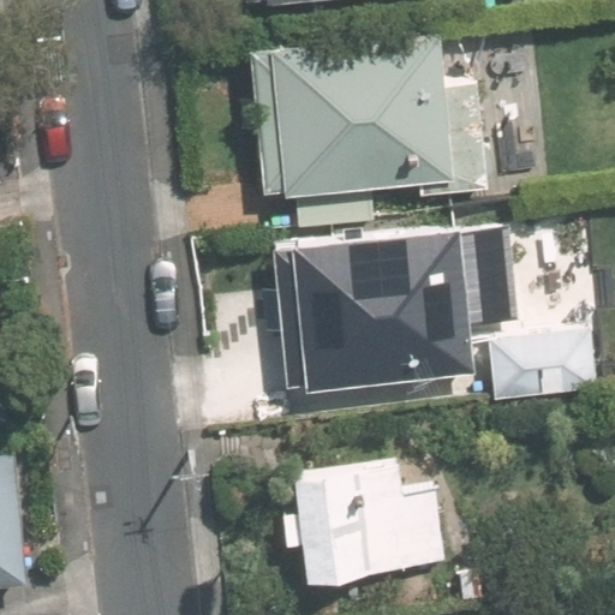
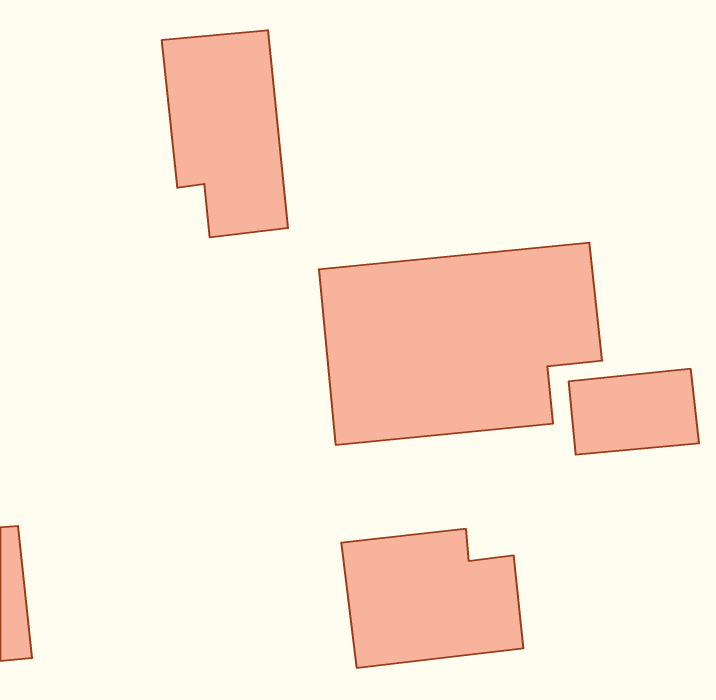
building: [249,32,454,198] -> none
building: none -> [162,30,288,237]

